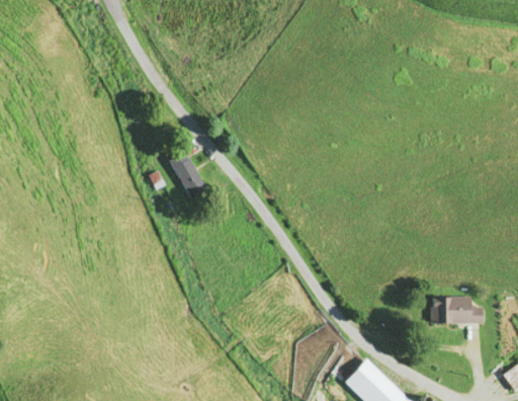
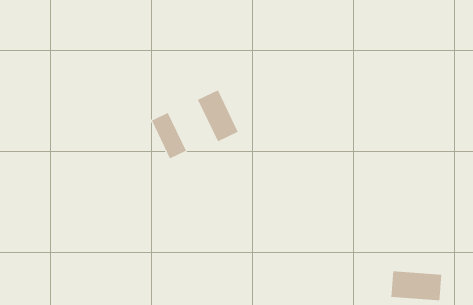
building: none -> [197,89,239,142]

